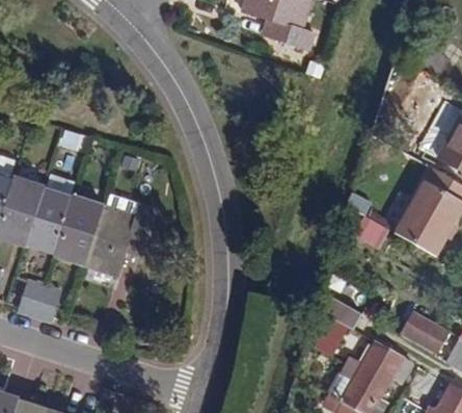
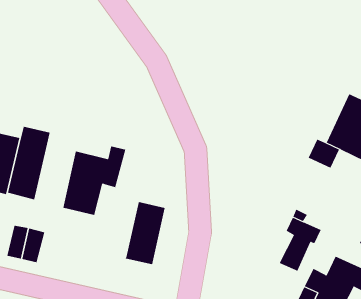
building: [54,197,103,266] -> [125,201,166,265]

